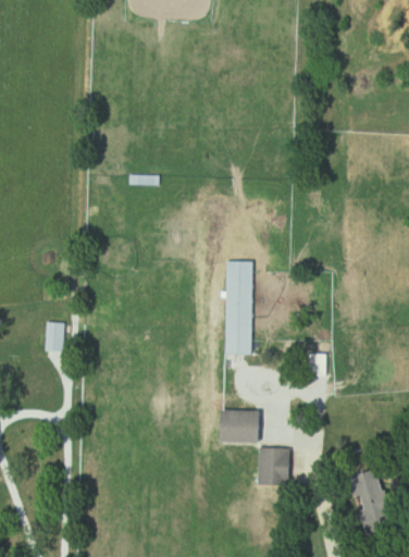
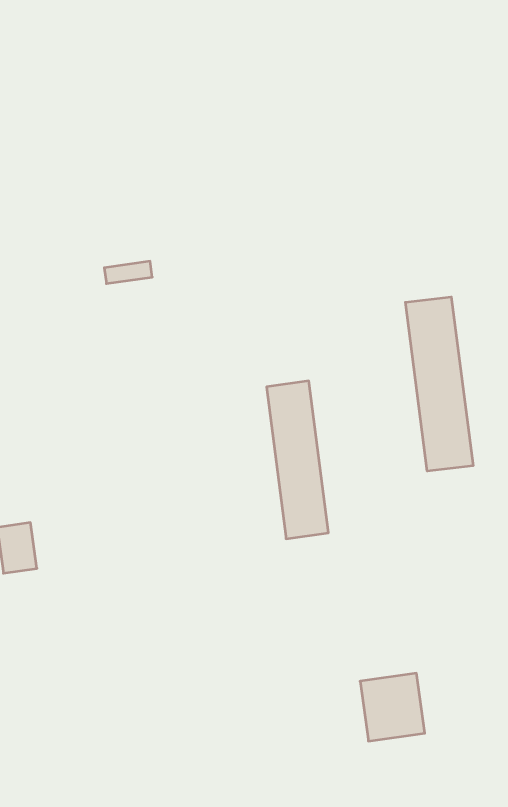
building: none -> [405,297,473,471]
building: [213,410,259,442] -> none

